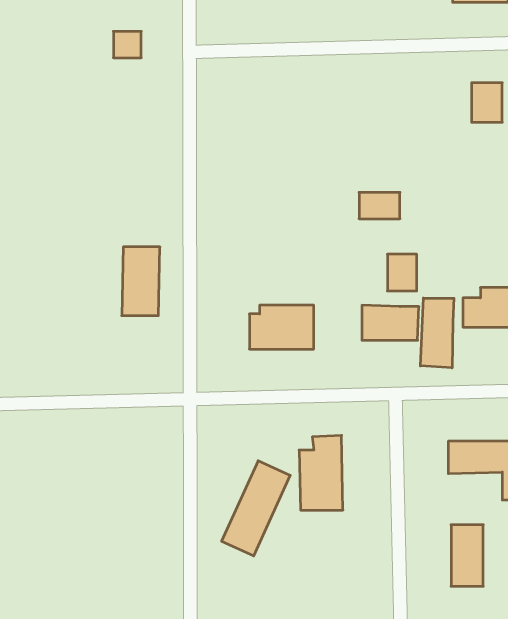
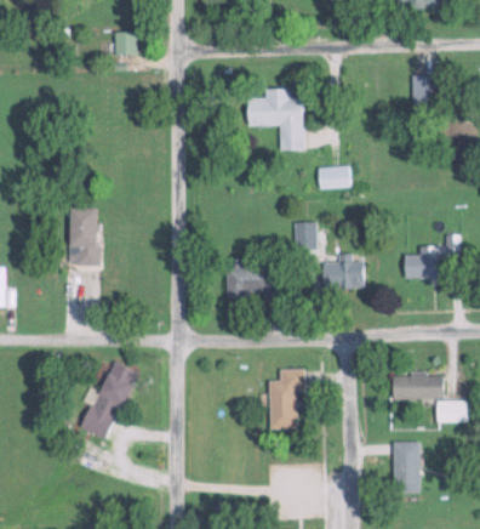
building: none -> [245,89,305,152]
building: [122,247,160,316] -> [68,209,99,266]
building: [387,254,417,291] -> [296,221,320,251]
building: [420,298,454,368] -> none
building: [222,461,290,556] -> [81,359,138,438]

